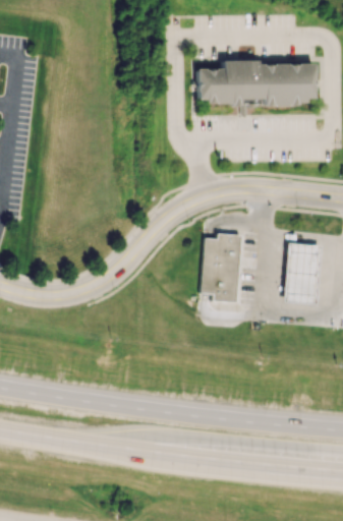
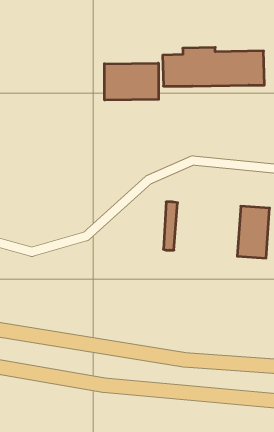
building: none -> [104,63,159,100]
building: [212,234,241,301] -> none

